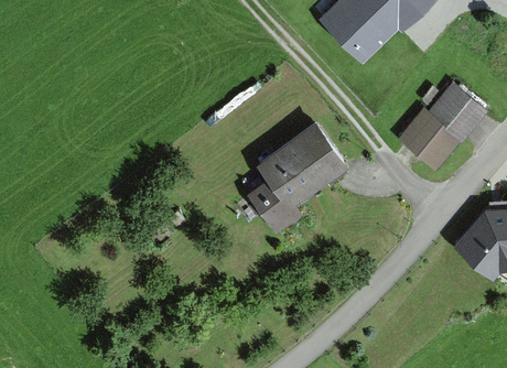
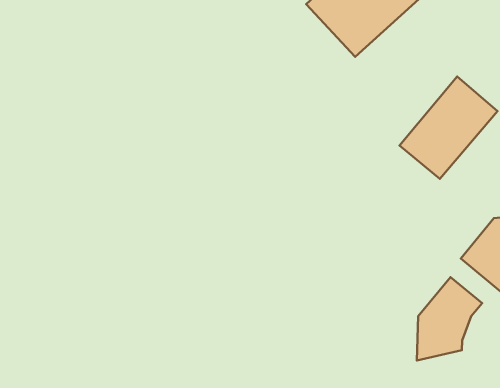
building: [249,125,345,235] -> none
building: none -> [417,277,482,360]

